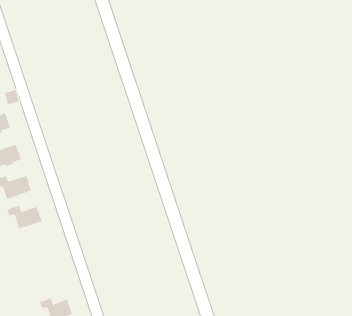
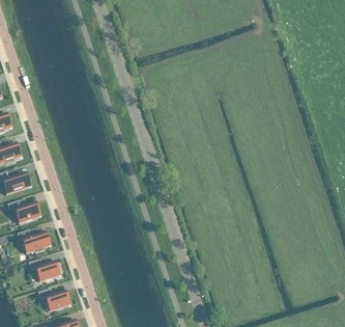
building: none -> [18,229,51,252]
building: none -> [28,258,60,281]

